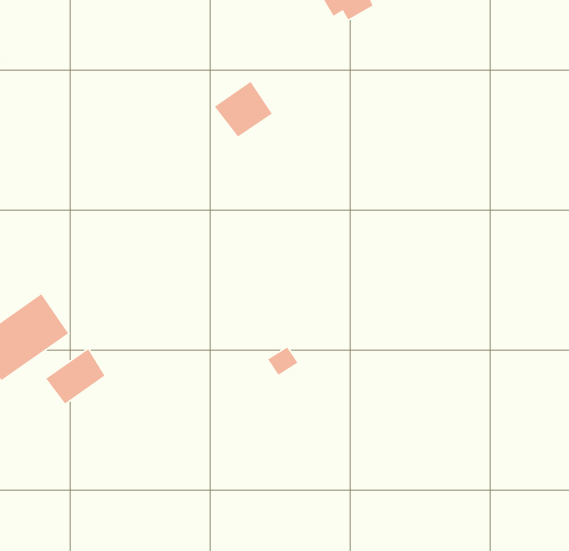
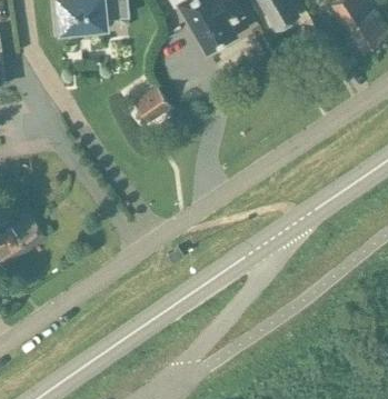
building: [45,348,105,405] -> none

